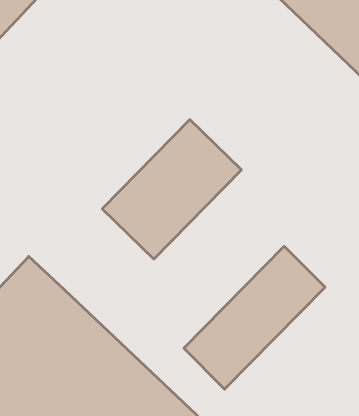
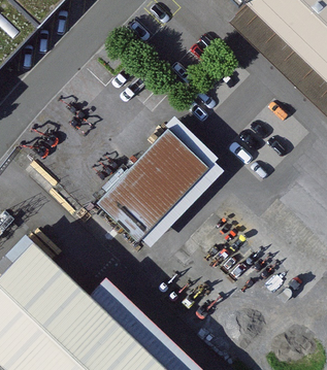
building: [184,246,325,389] -> none

